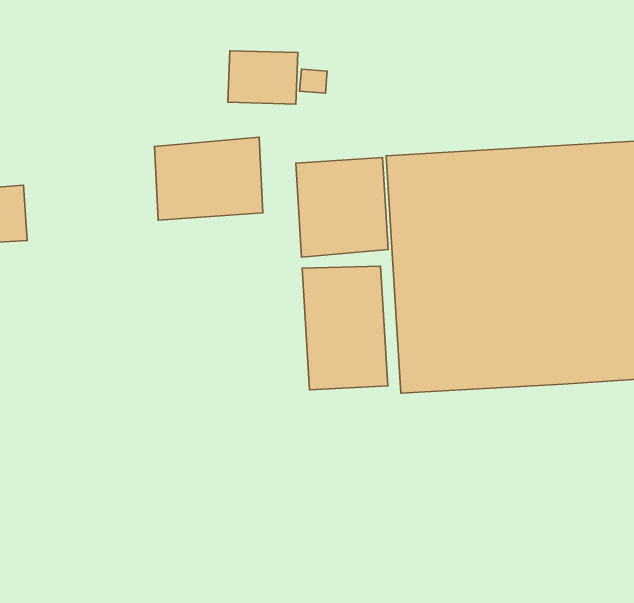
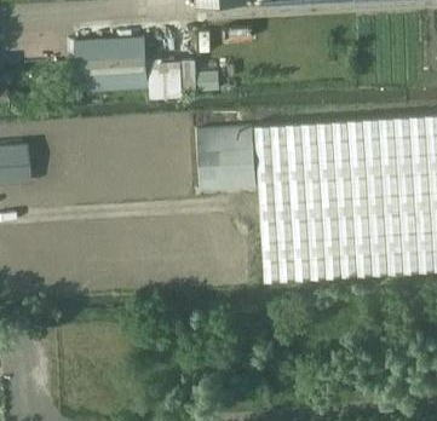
building: [154,137,263,220] -> [75,38,146,92]
building: [302,266,388,390] -> none

